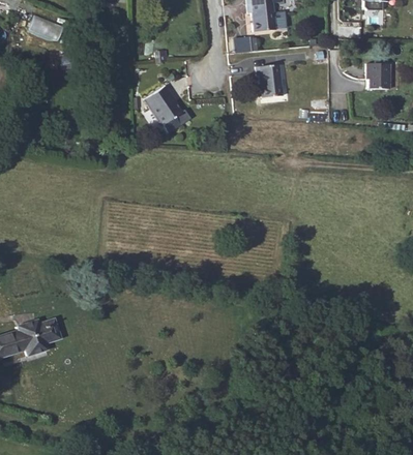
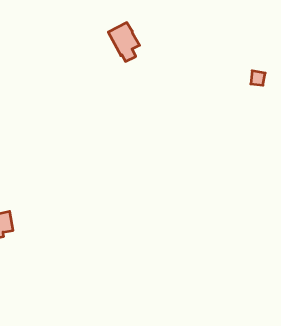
building: [256,61,283,96] -> none

